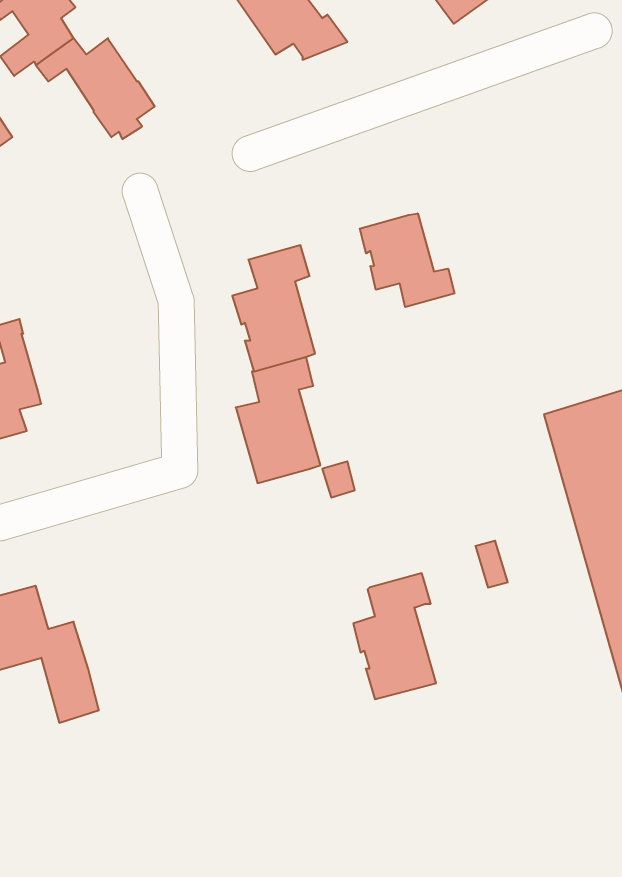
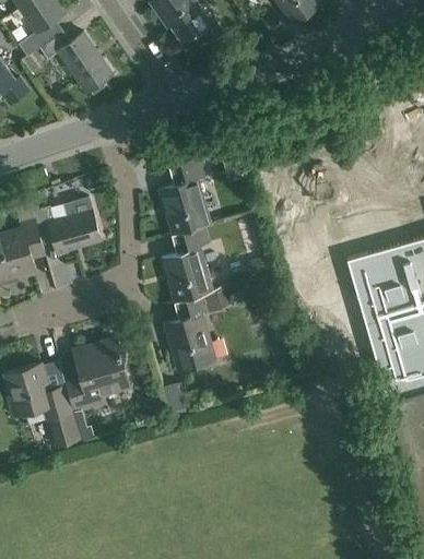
building: [360,213,454,307] -> none
building: none -> [32,198,99,253]
building: none -> [67,342,129,413]
building: [353,573,436,699] -> [165,293,215,369]

